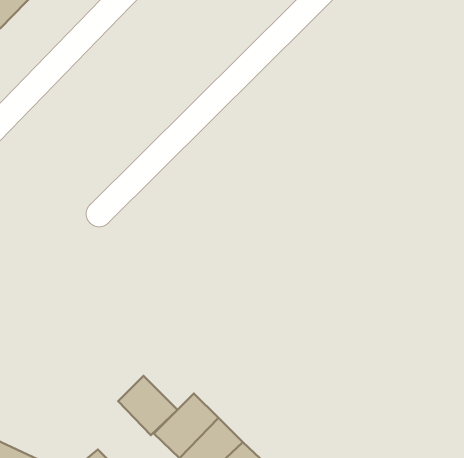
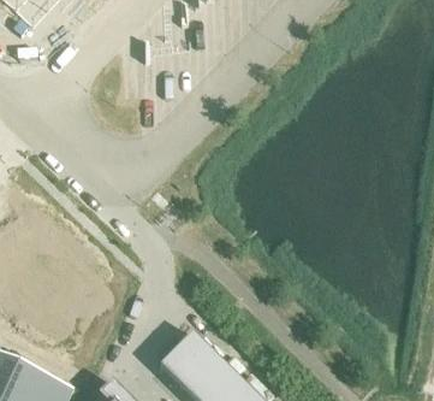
building: [118,376,178,435] -> none

